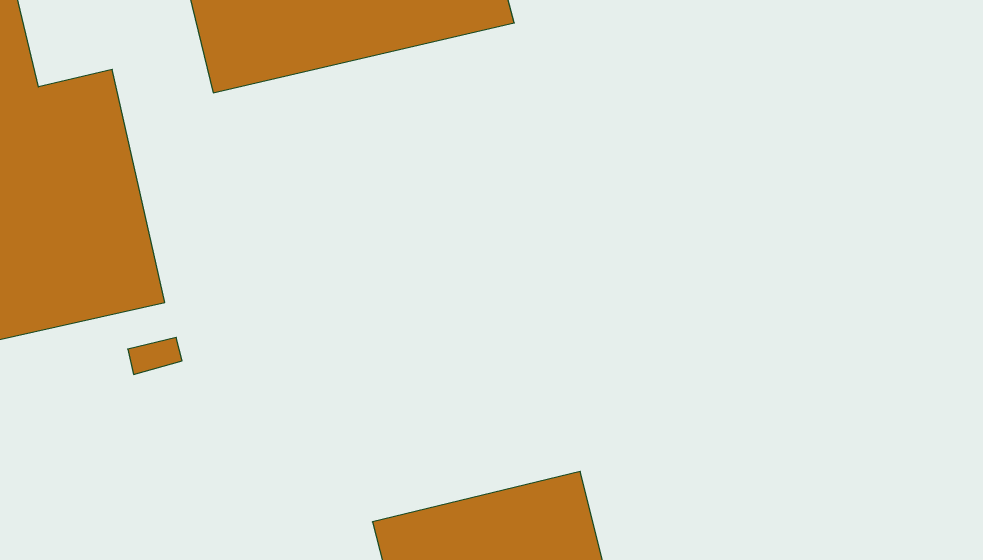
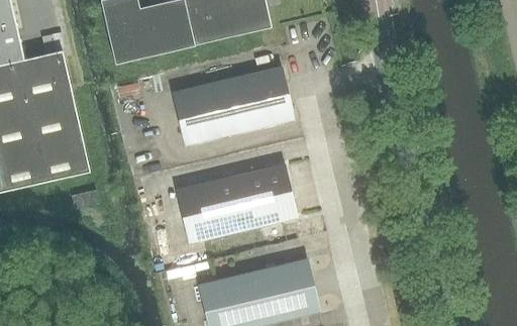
building: none -> [173,68,293,145]
building: none -> [176,166,297,243]

